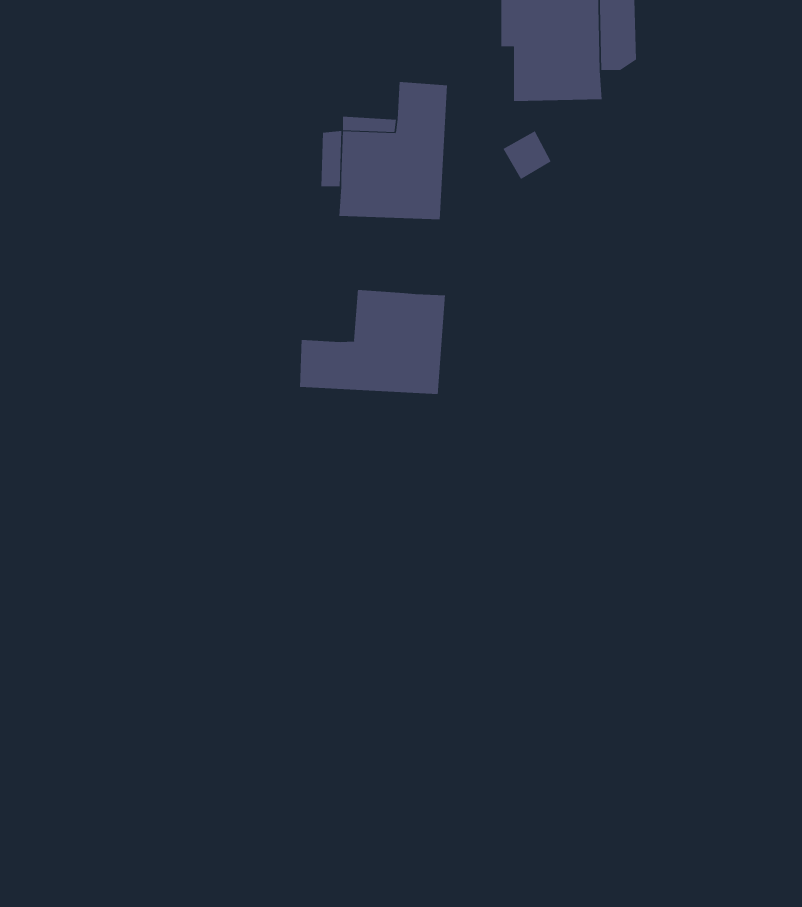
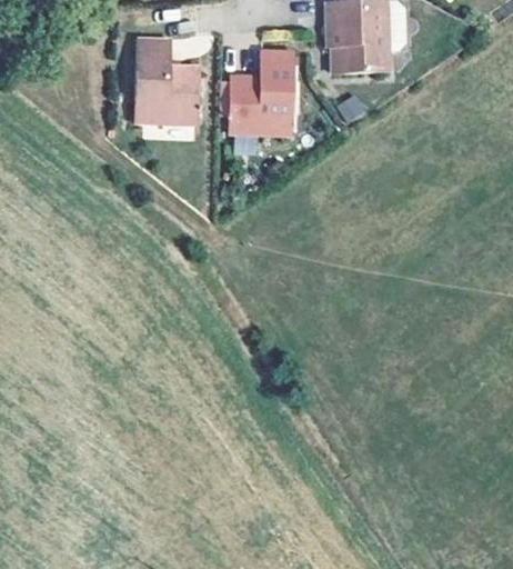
building: none -> [132,37,200,126]
building: [299,289,446,395] -> none

